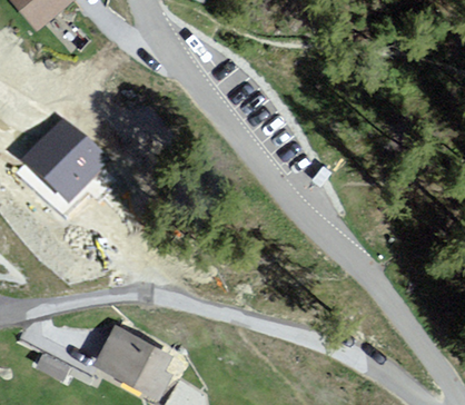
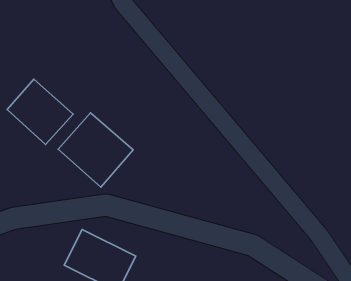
building: none -> [58,113,133,187]

